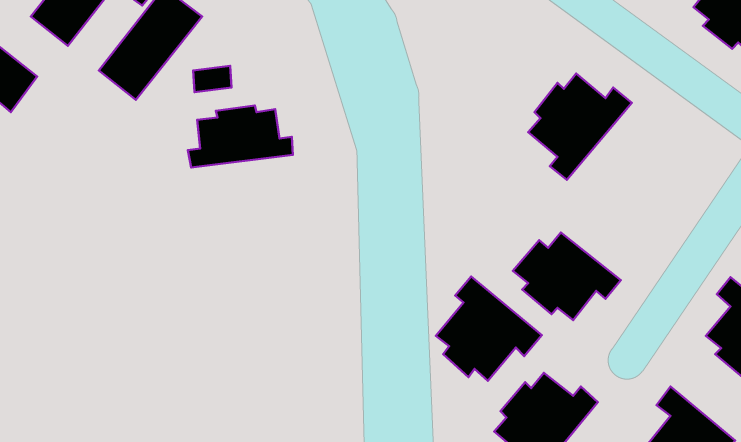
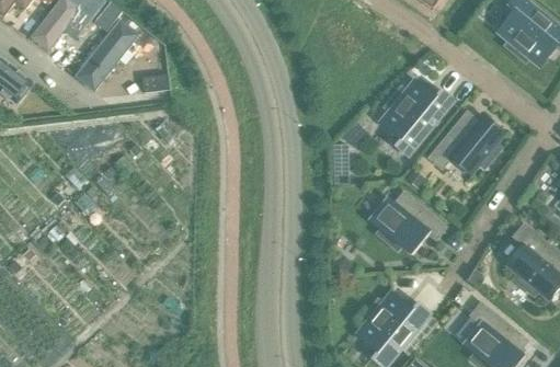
building: [188,106,293,168] -> none
building: none -> [430,110,505,173]
building: [436,276,542,381] -> none

